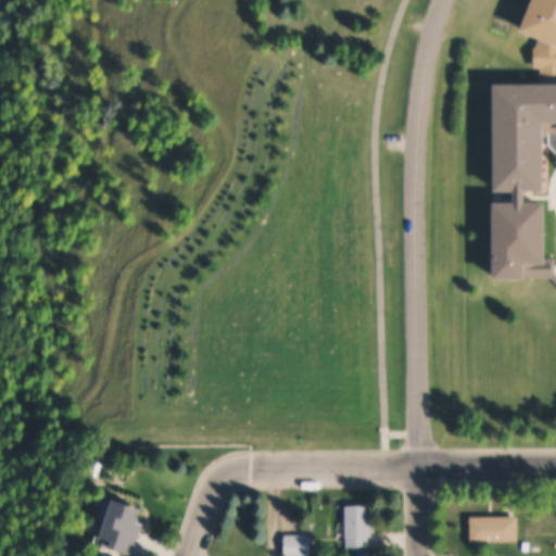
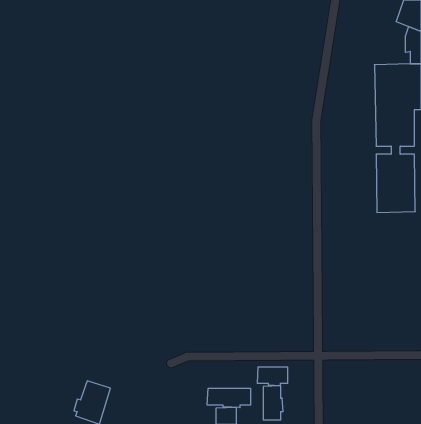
building: none -> [257,367,288,386]
building: none -> [207,388,250,408]
building: [470,516,518,542] -> none

